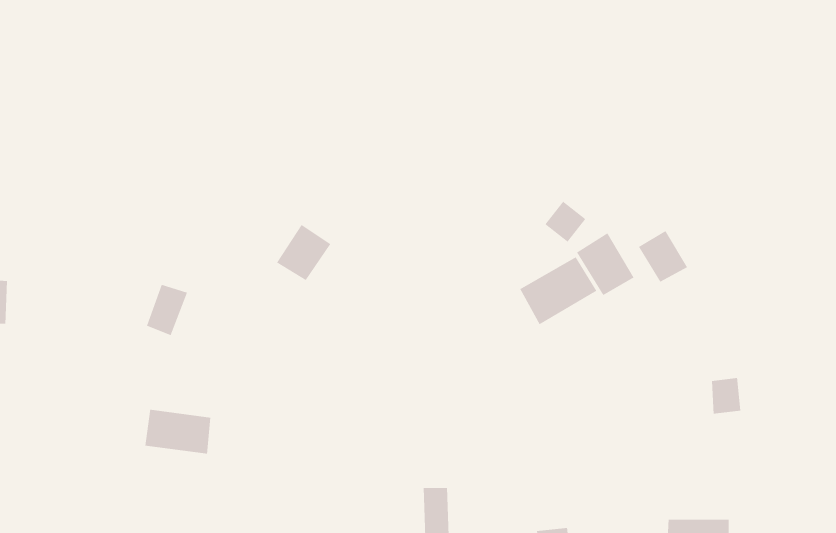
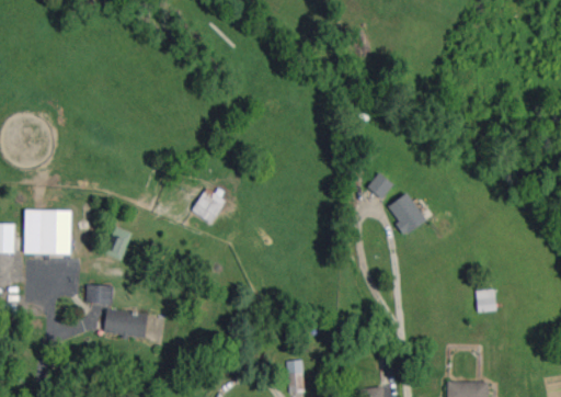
building: [638,230,688,283] -> none
building: [519,256,597,325] -> none
building: none -> [23,211,70,254]
building: none -> [85,285,113,304]

